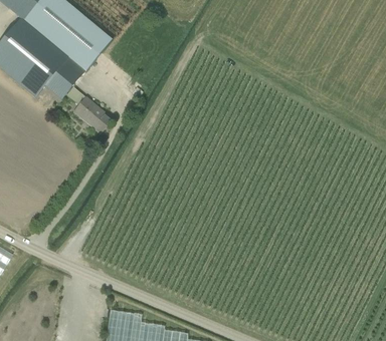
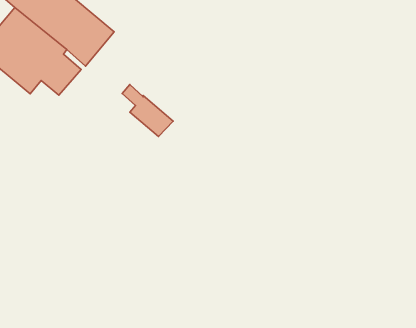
building: [66,85,113,132] -> [122,85,173,137]

